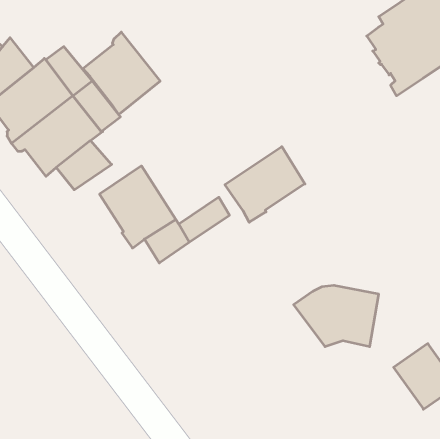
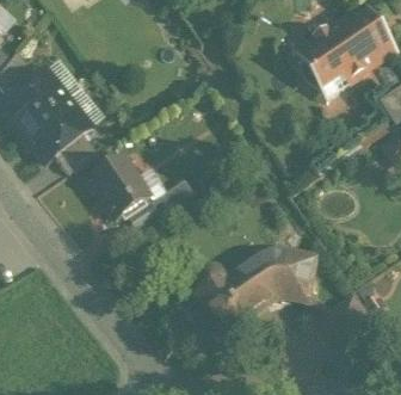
building: [83,32,160,114] -> none
building: [225,147,305,222] -> none
building: none -> [200,265,271,329]

